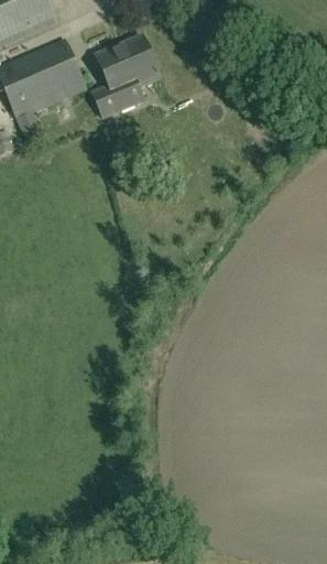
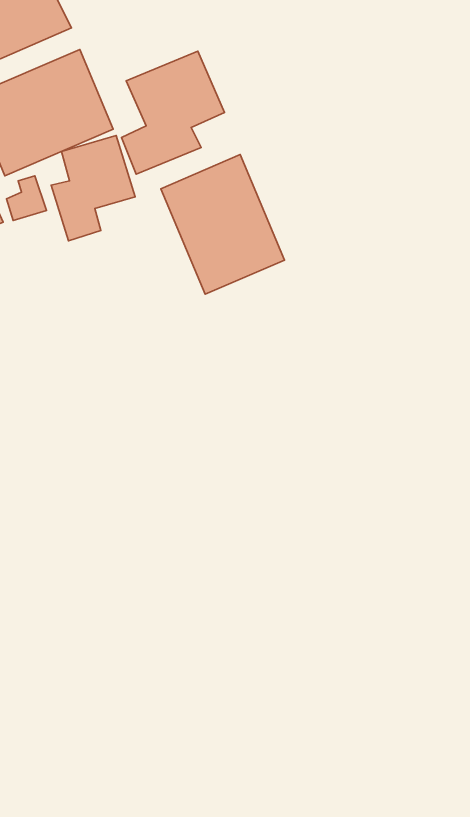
building: none -> [51,135,135,241]
building: none -> [161,155,284,294]

